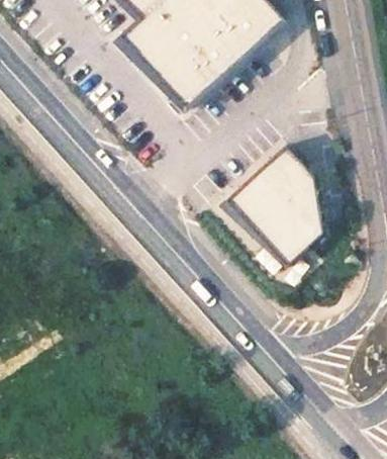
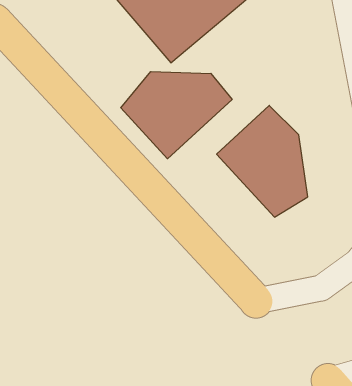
building: none -> [121,72,232,159]

